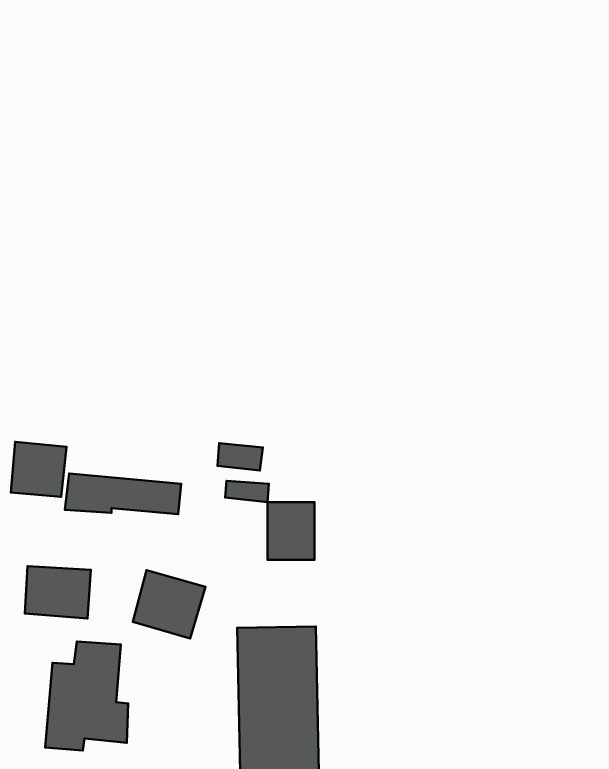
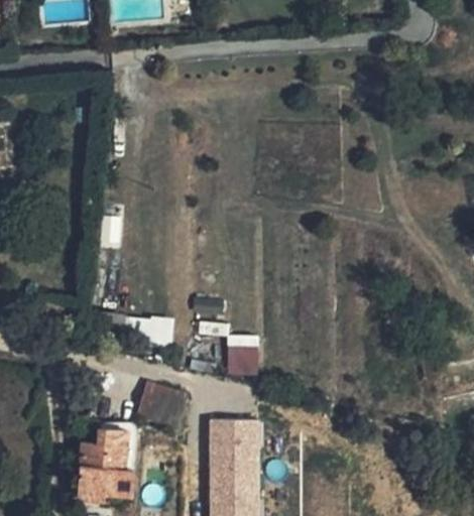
building: [11,442,67,497] -> none
building: [25,566,91,618] -> none

